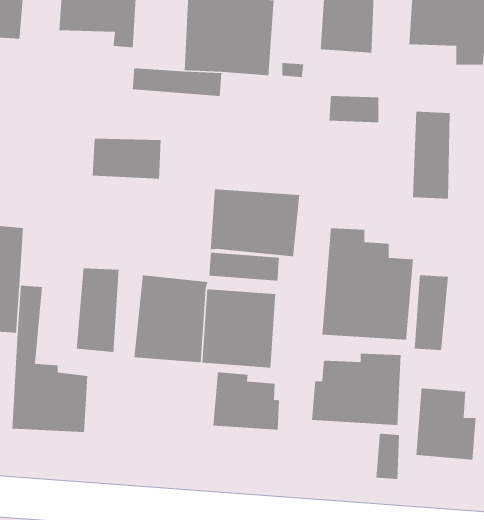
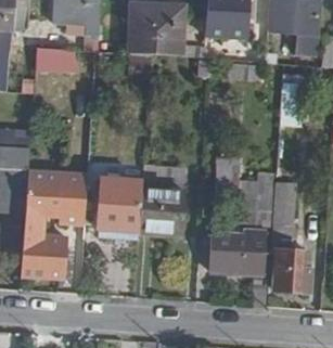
building: [92,138,162,180] -> [26,48,69,74]
building: [210,188,300,257] -> none
building: [213,371,280,431] -> none

